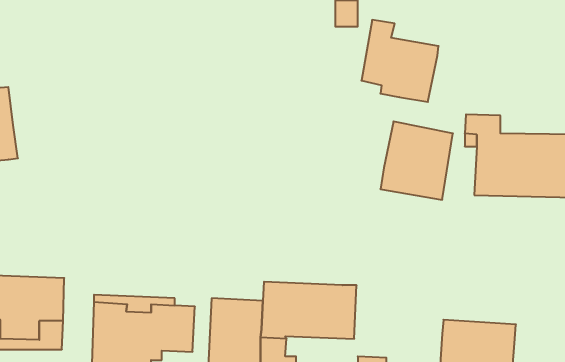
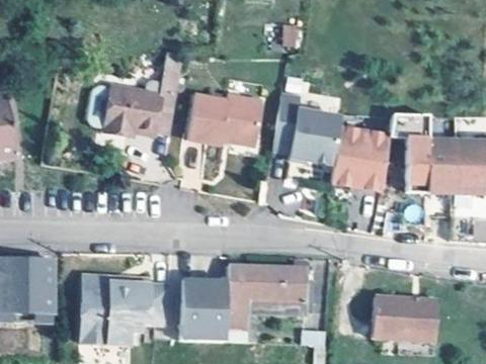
building: [361,20,439,102] -> [271,96,337,166]
building: none -> [102,54,181,133]
building: none -> [184,94,260,145]

